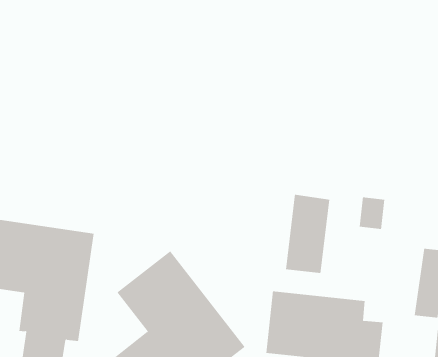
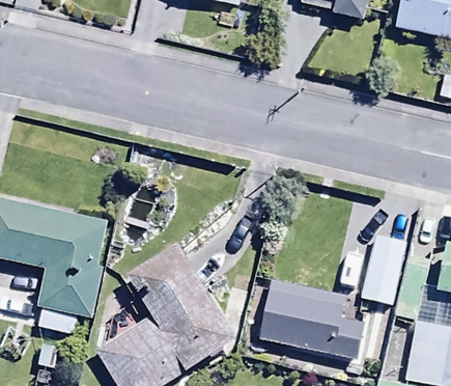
building: [285,194,330,273] -> [361,233,406,307]

